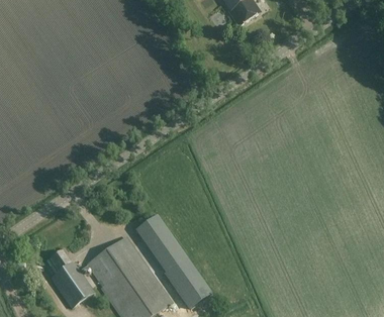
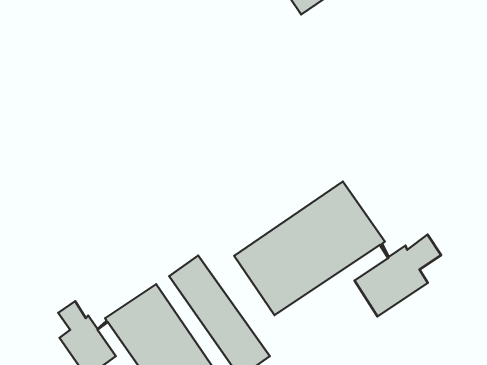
building: none -> [234,181,441,316]

